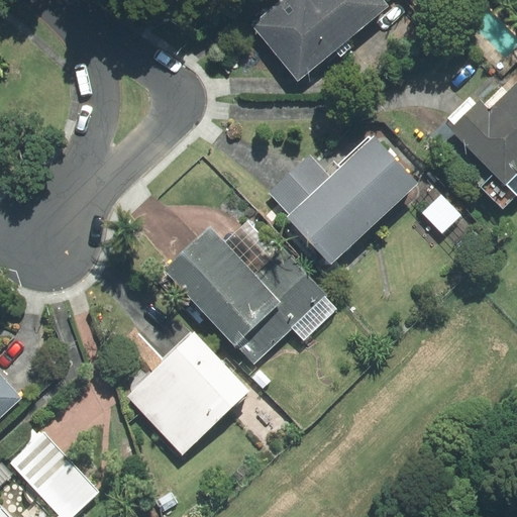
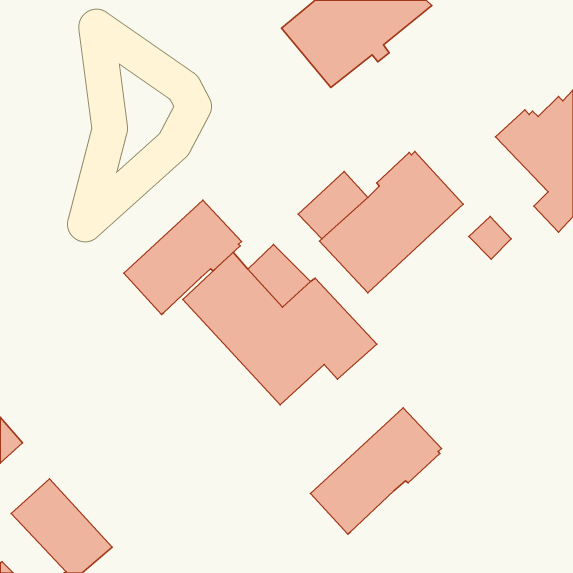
building: none -> [124,200,241,314]
building: [128,333,248,453] -> none
building: none -> [311,408,442,534]

